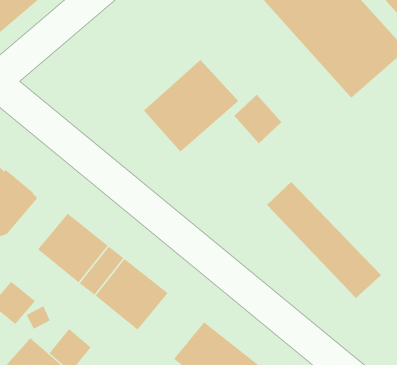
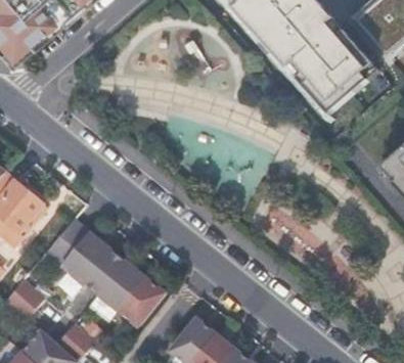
building: [143,59,239,153] -> none
building: [234,94,282,144] -> none

